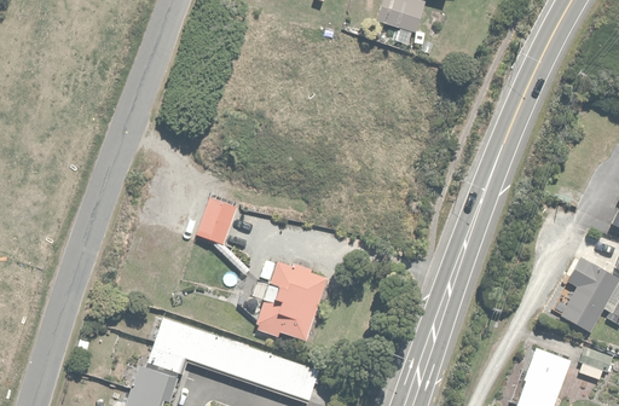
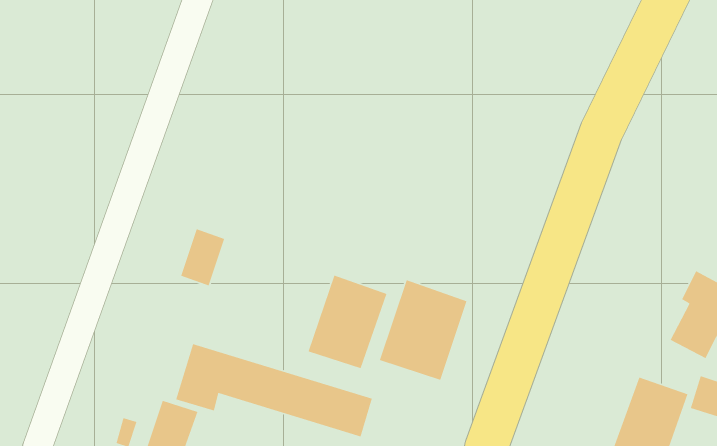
building: [199,202,237,250] -> [180,228,225,286]
building: none -> [379,279,468,381]

